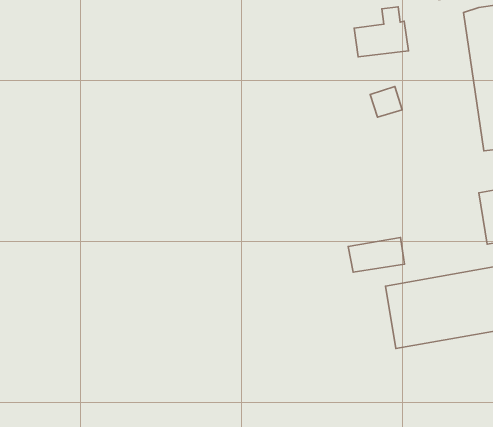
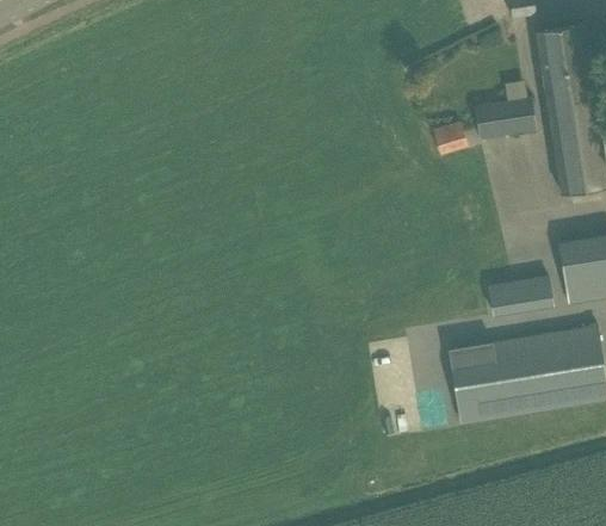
building: [354,7,408,57] -> [474,81,537,140]
building: [348,237,404,272] -> [489,271,555,311]

